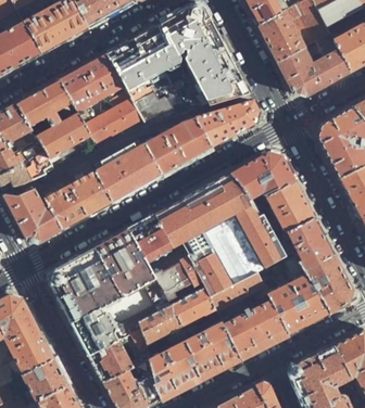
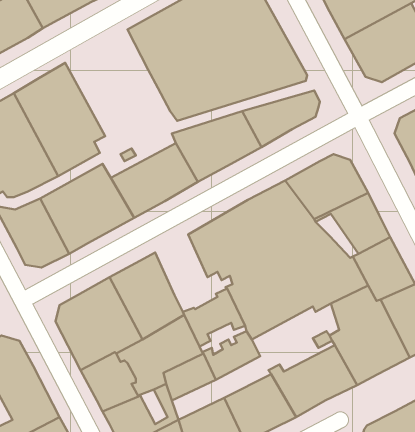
building: [59,54,141,145] -> none
building: [129,215,171,263] -> none
building: [205,271,262,313] -> none

